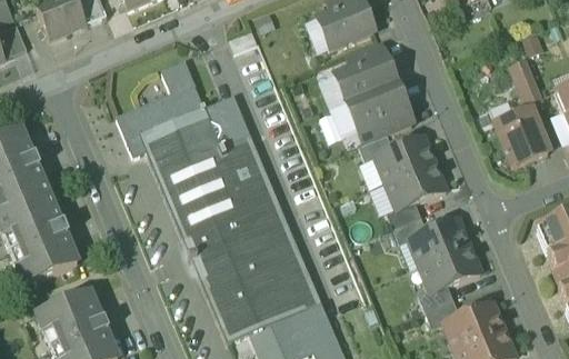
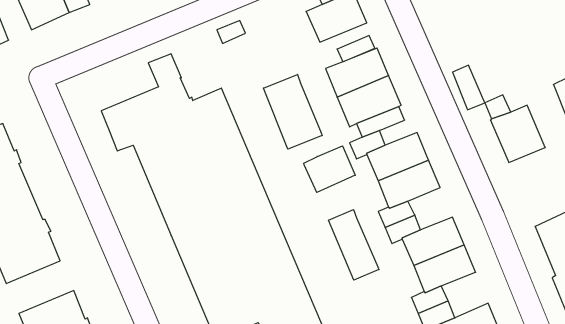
building: [511,61,542,104] -> [453,65,485,110]
building: none -> [263,74,322,149]
building: none -> [304,146,355,192]
building: none -> [329,210,379,280]

